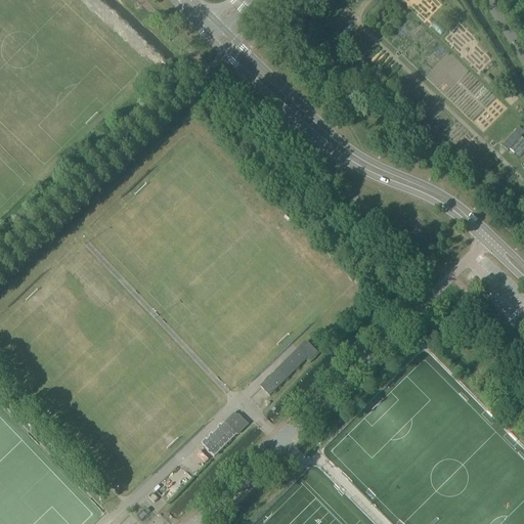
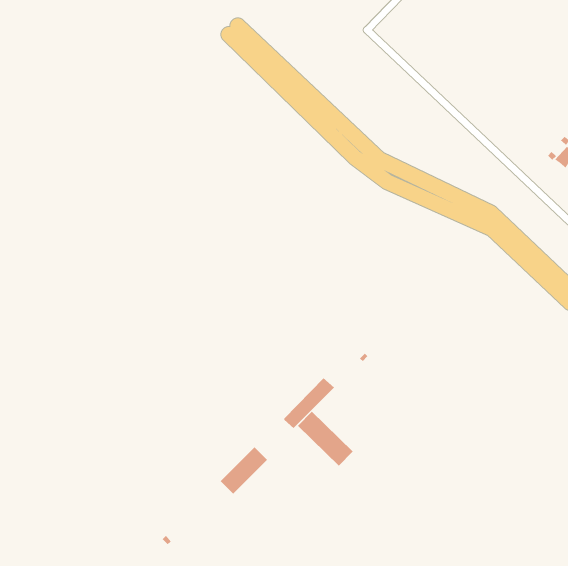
building: none -> [297,411,354,466]

